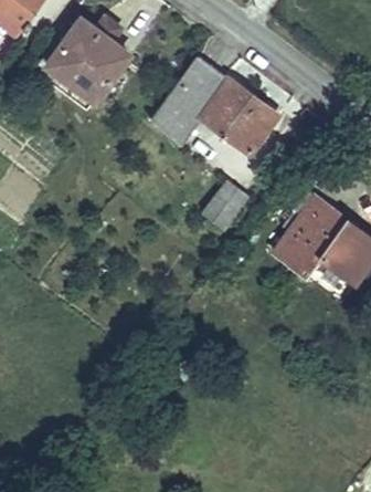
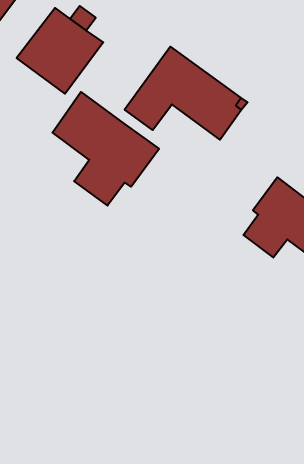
building: none -> [52,92,159,206]
building: [202,179,248,229] -> none

